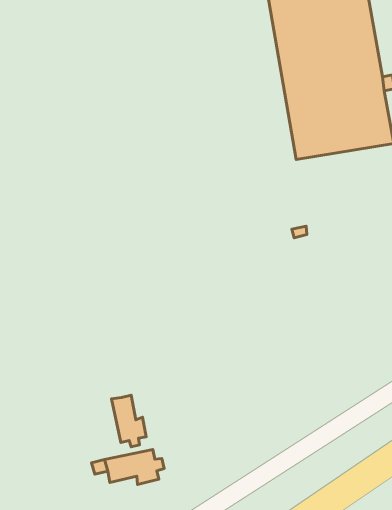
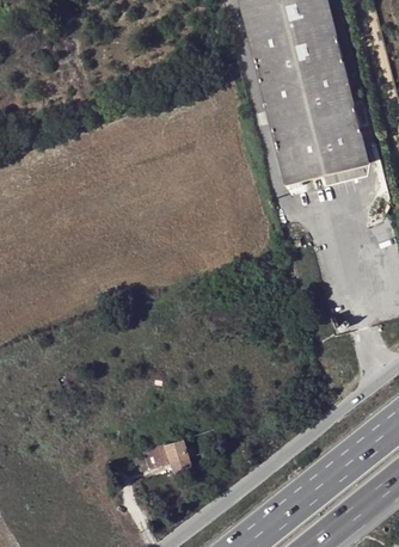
building: [112,395,146,447] -> none

